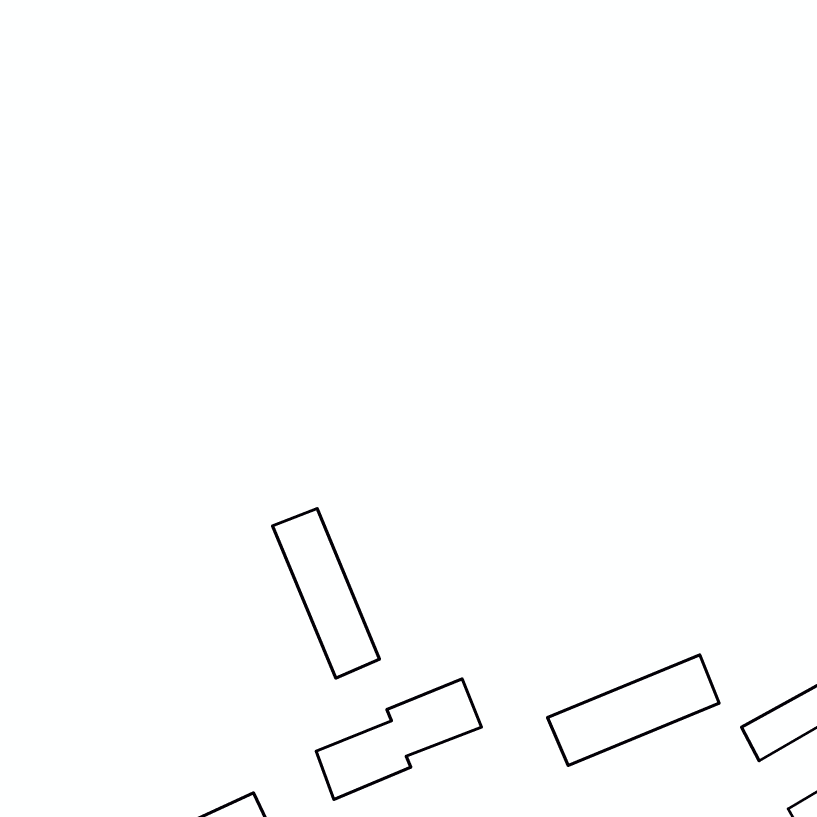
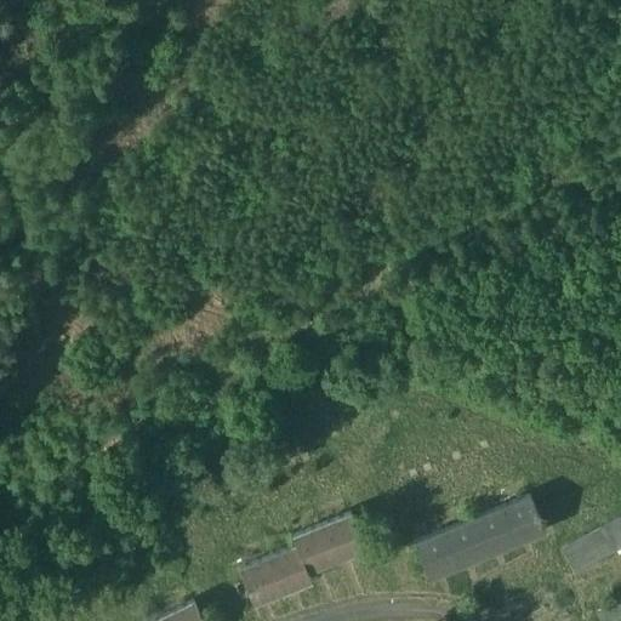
building: [272,508,379,678] -> none

